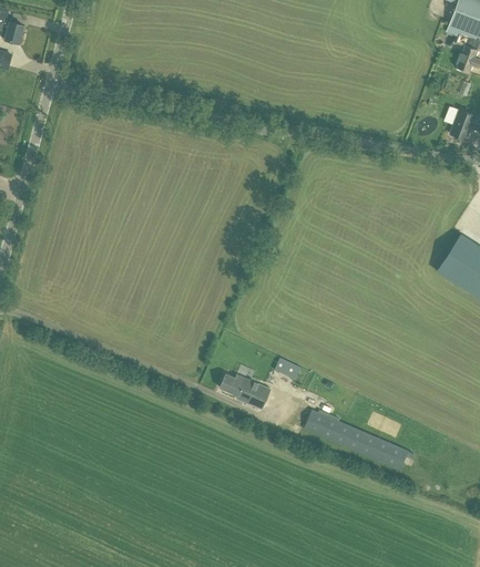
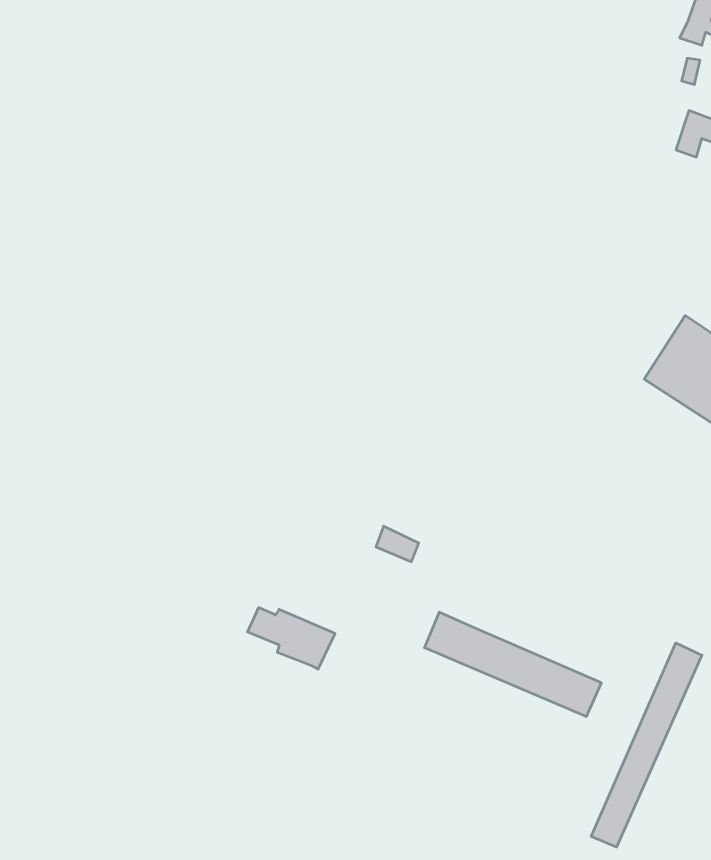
building: [219,373,272,410] -> [247,608,335,669]
building: none -> [591,643,702,847]

